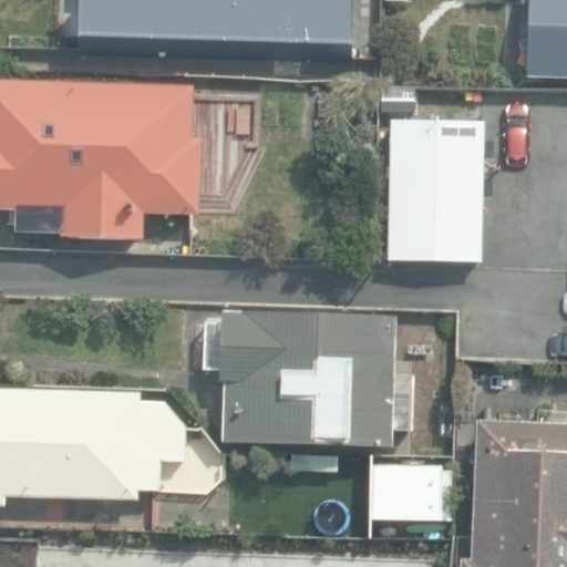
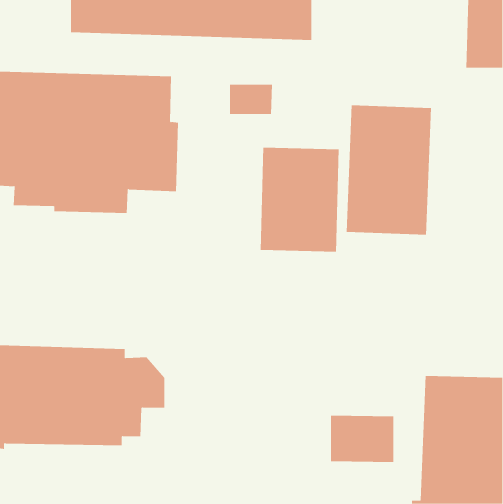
building: none -> [260,147,339,253]
building: [221,312,414,447] -> none

